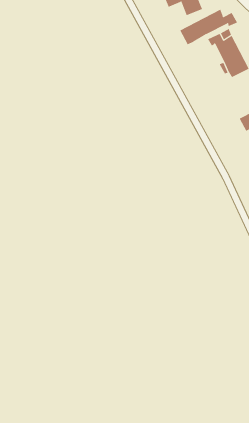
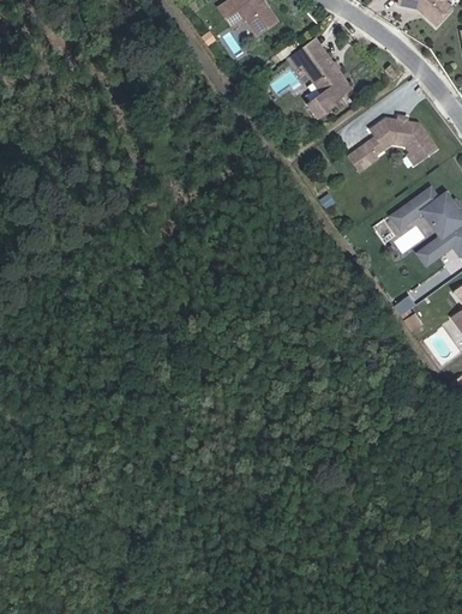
building: [180,9,238,45] -> none

